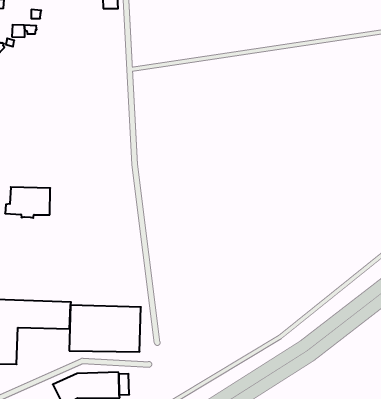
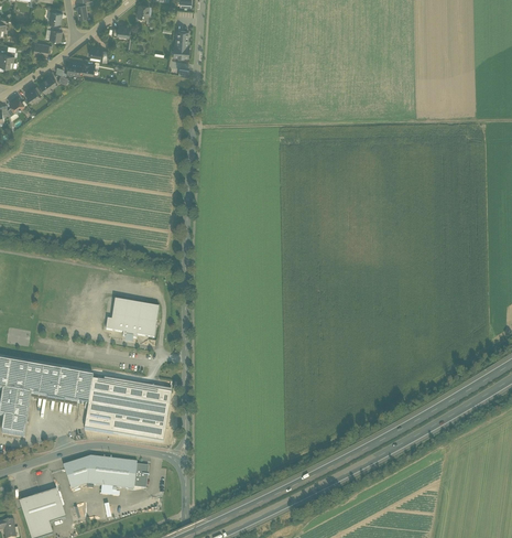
building: [5,187,50,218] -> [105,297,159,334]

